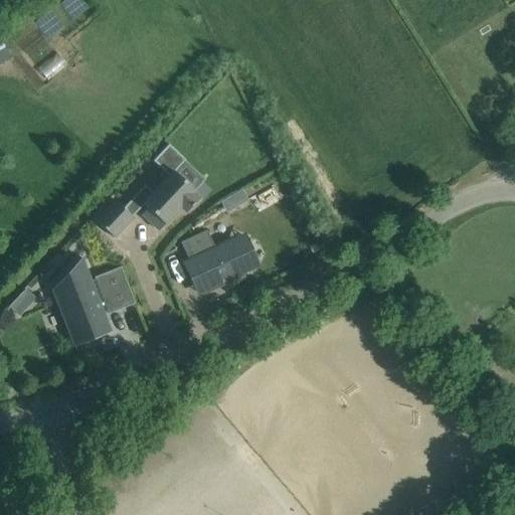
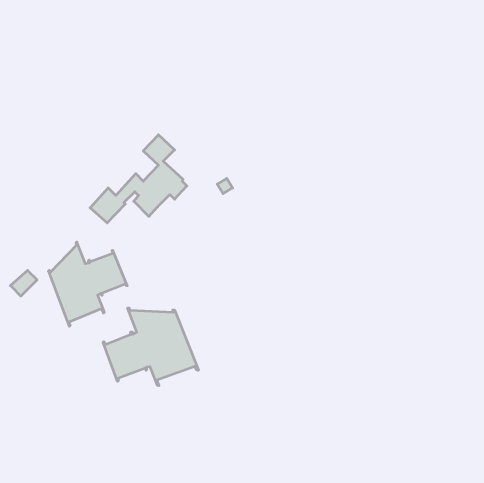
building: [181,228,248,294] -> none
building: none -> [103,308,198,386]

